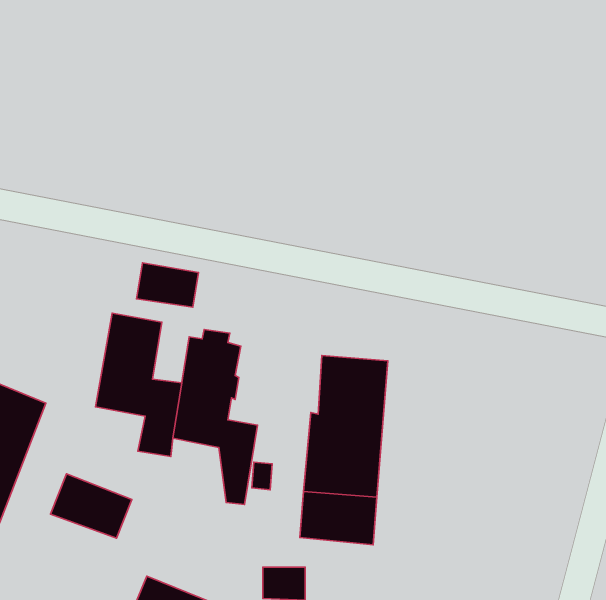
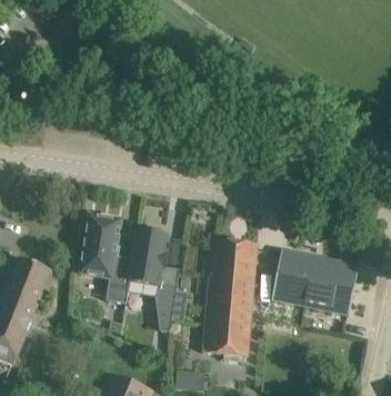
building: [136,263,199,307] -> none
building: none -> [273,251,358,315]
building: [51,474,132,538] -> none

